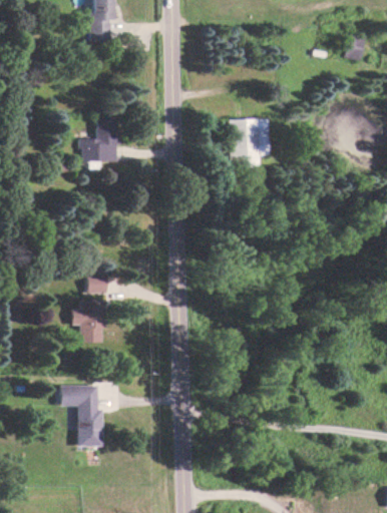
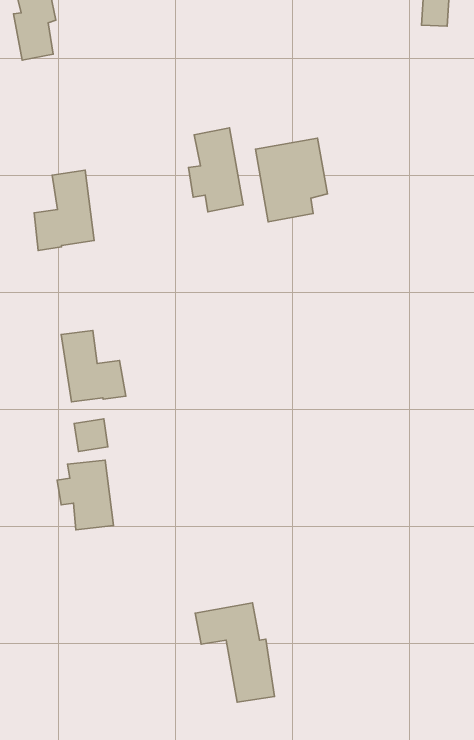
building: none -> [189,128,243,212]
building: none -> [61,330,126,402]
building: [60,385,102,446] -> [195,603,275,702]

